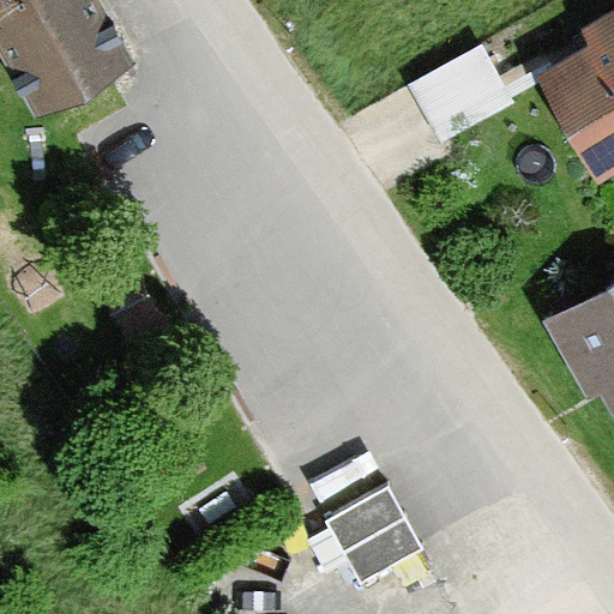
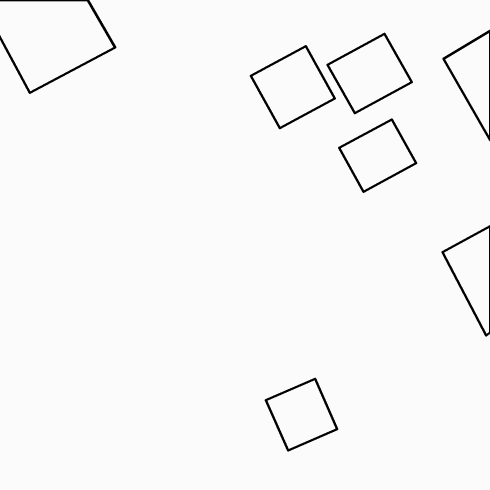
building: none -> [251,46,335,128]
building: none -> [339,119,416,192]

